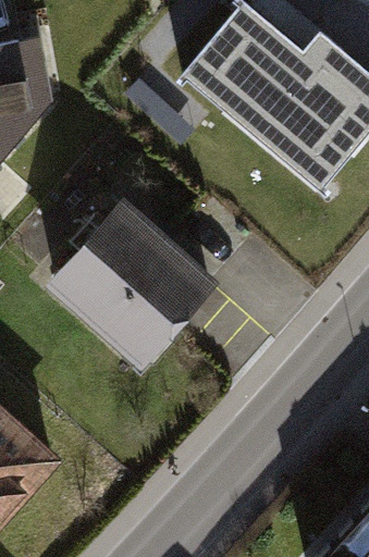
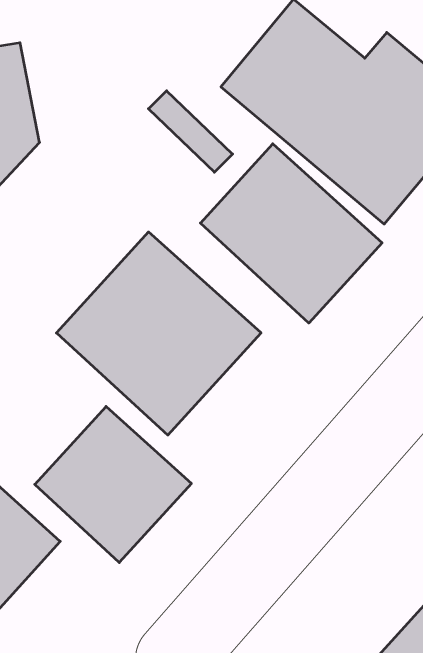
building: none -> [200,144,382,323]
building: none -> [35,406,191,563]

